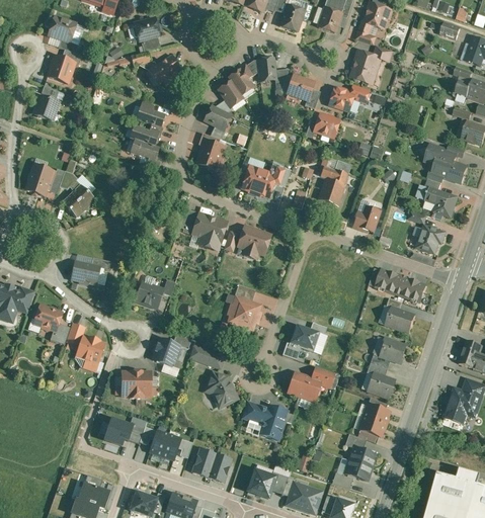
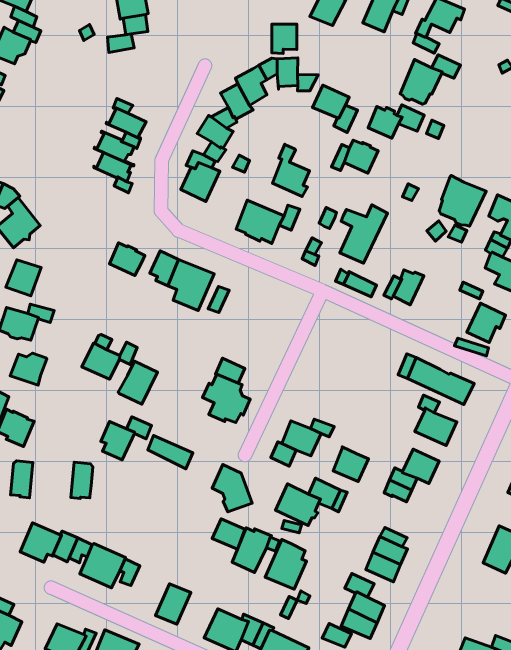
building: none -> [272,24,297,54]
building: [145,56,181,85] -> none
building: none -> [272,144,309,197]
building: none -> [439,176,486,226]
building: none -> [109,243,145,276]
building: none -> [6,260,41,296]
building: [238,227,270,259] -> none
building: none -> [118,361,157,404]
building: none -> [10,353,47,385]
building: [122,371,136,398] -> [11,461,33,498]
building: [206,372,236,407] -> [212,465,252,512]
building: [368,373,393,398] -> [333,447,369,481]
building: none -> [265,539,306,589]
building: [190,448,215,479] -> none

